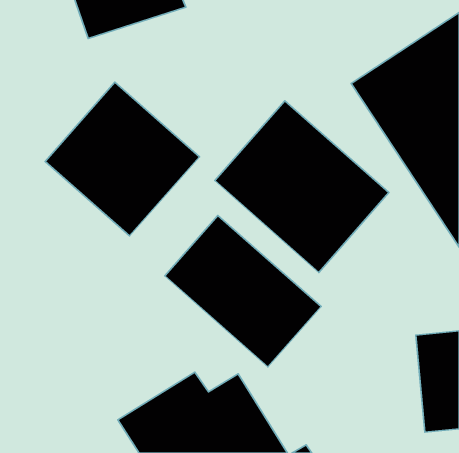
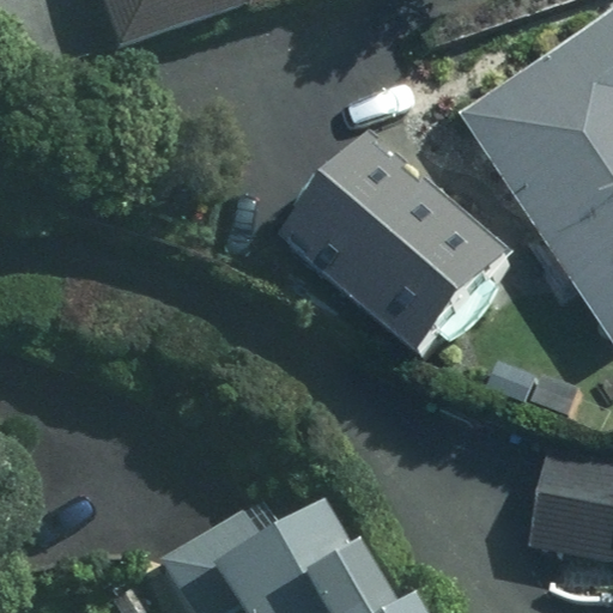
building: [45,82,199,236] -> none
building: [165,216,321,367] -> none

